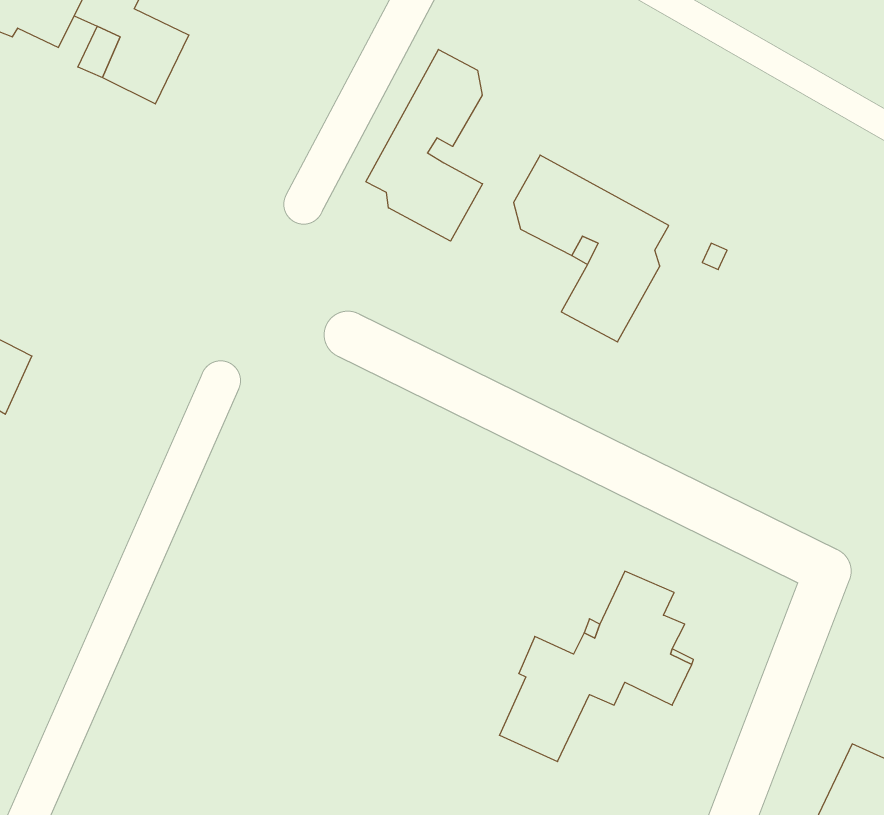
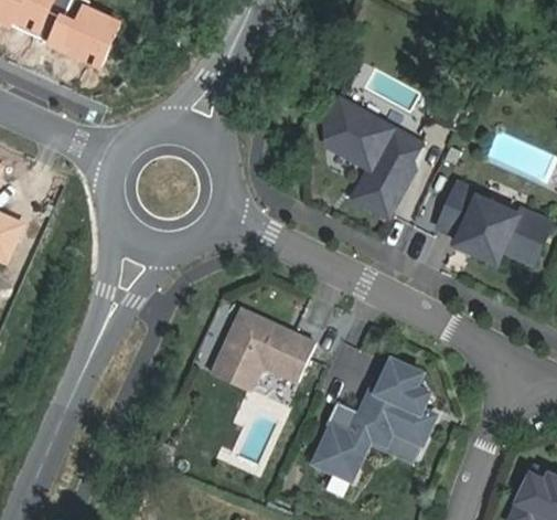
building: [366,49,483,241] -> none
building: none -> [437,190,547,263]
building: none -> [212,309,314,392]

